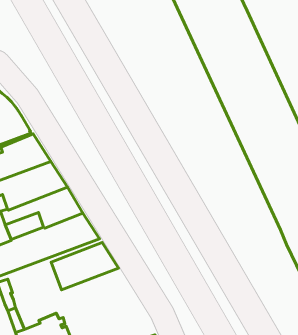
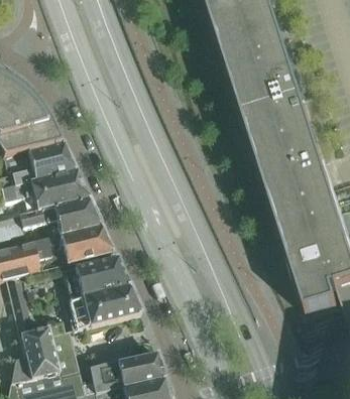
building: none -> [68,283,140,329]

